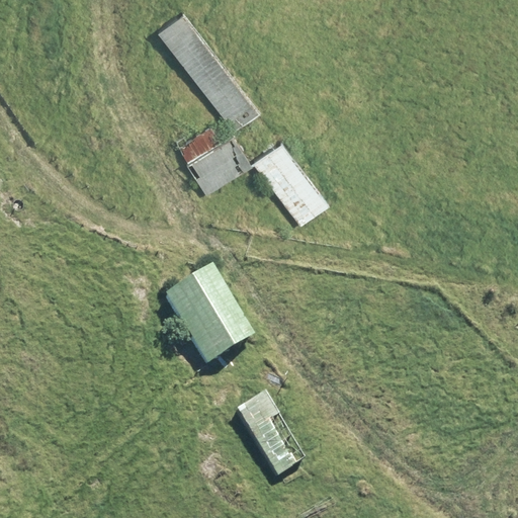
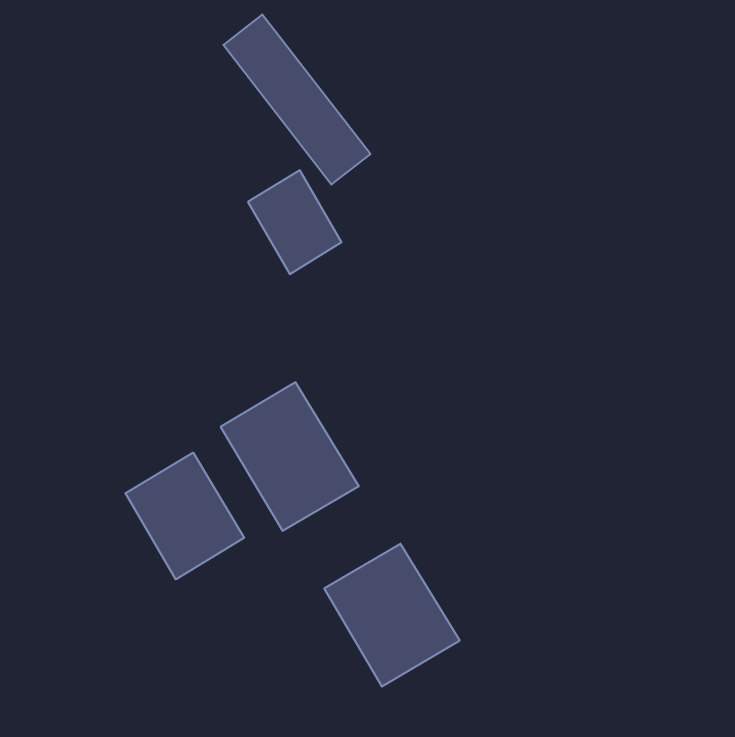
building: [252,140,330,226] -> none
building: none -> [125,453,244,579]

